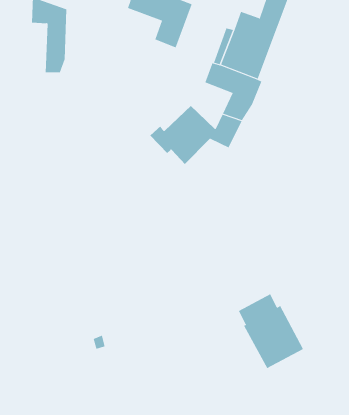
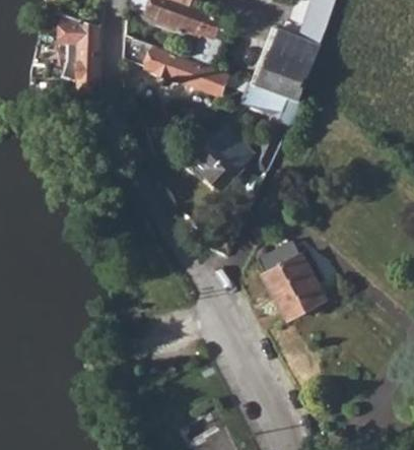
building: none -> [121,35,226,95]
building: [238,293,304,369] -> [256,241,324,319]

